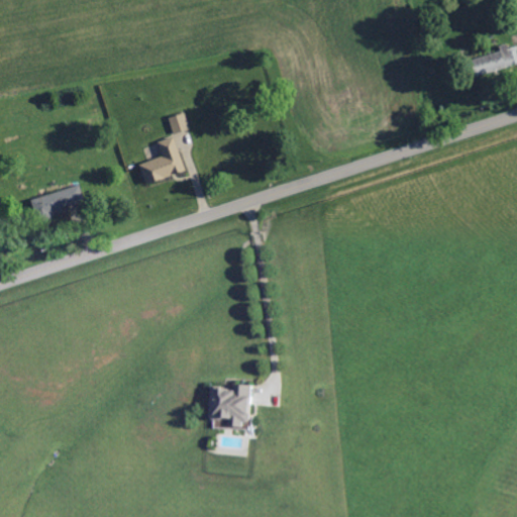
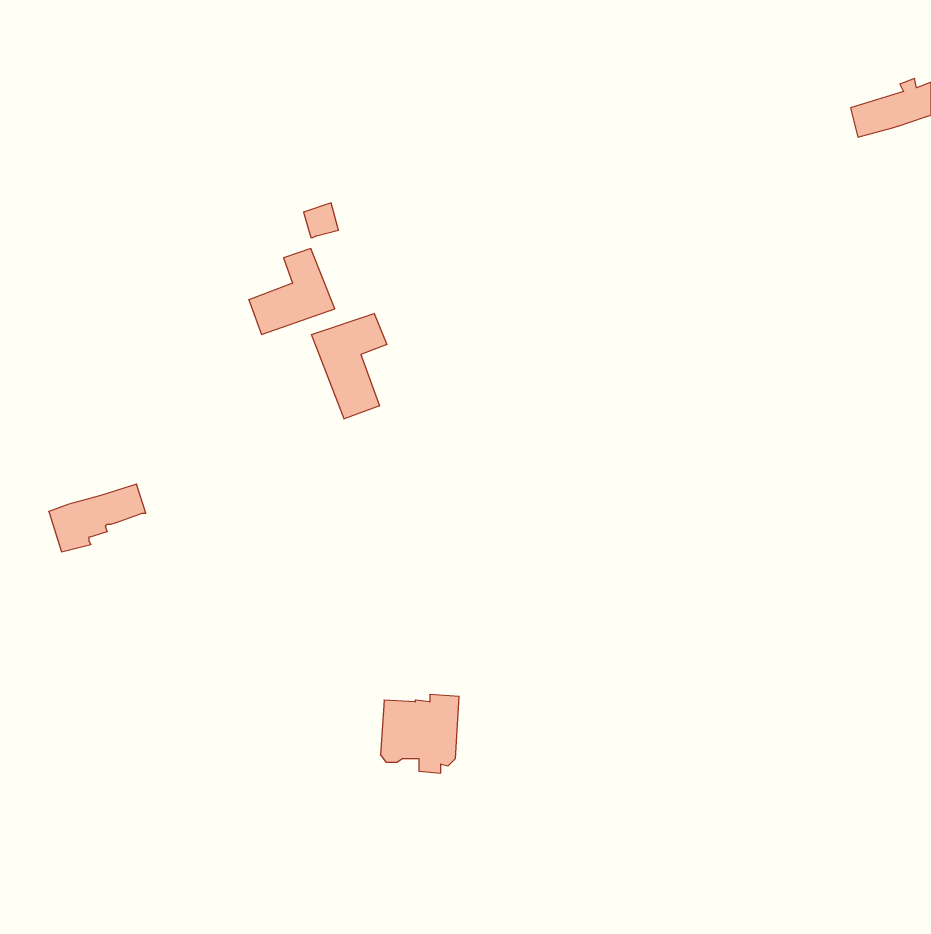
building: none -> [312,313,387,419]
building: [29,185,83,222] -> [49,484,146,552]

